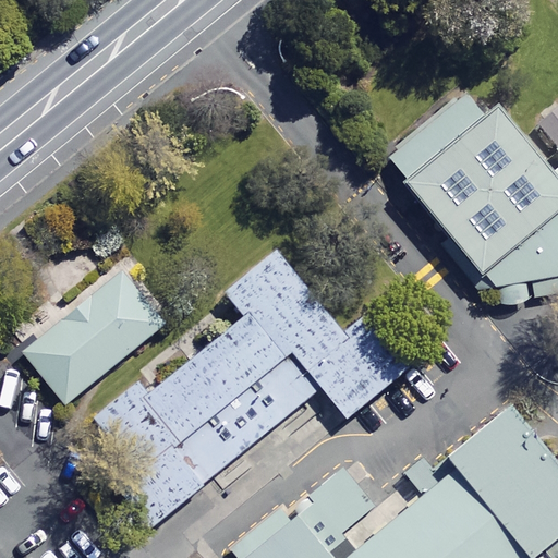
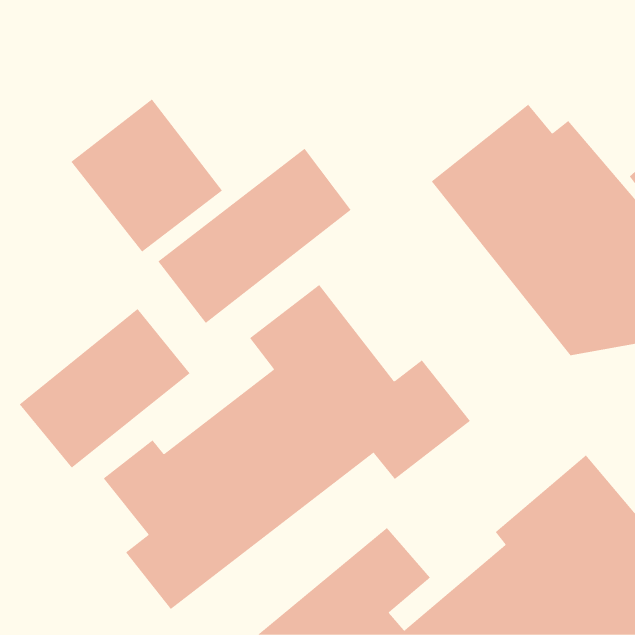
building: none -> [70,99,223,253]
building: none -> [158,148,352,324]

